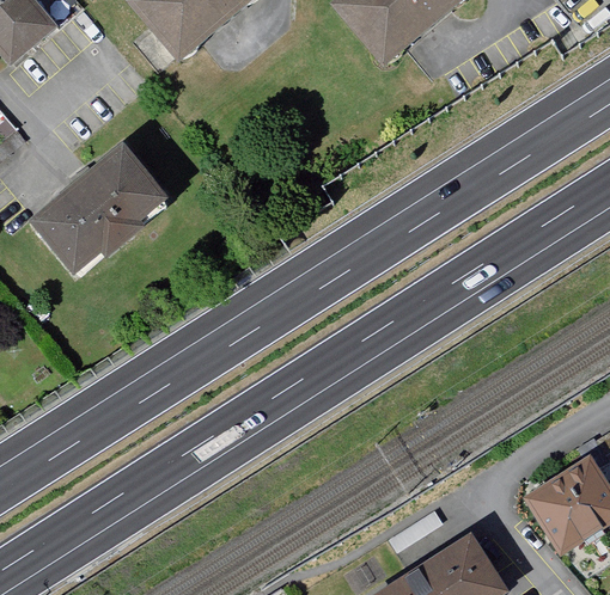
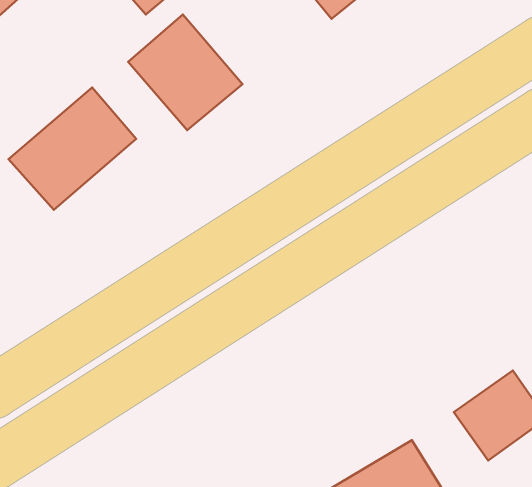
building: none -> [128,15,243,130]

